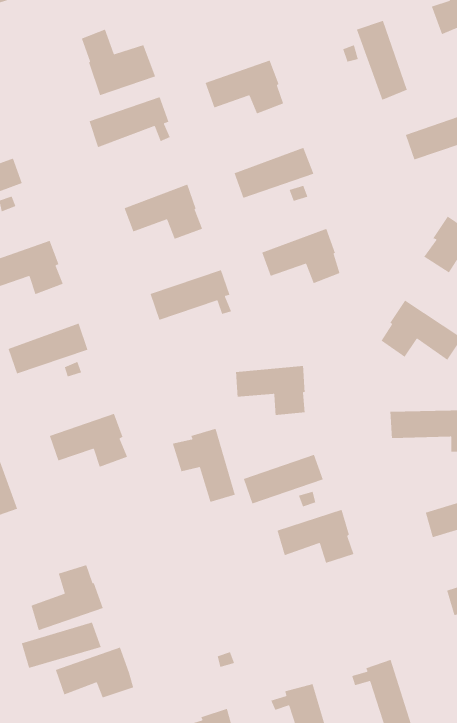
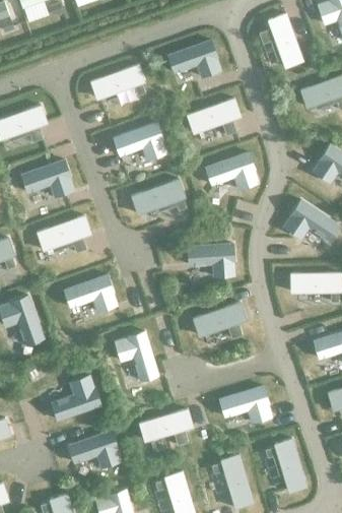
building: [81,29,156,96] -> none
building: [172,428,236,503] -> [115,331,157,381]
building: [276,509,354,564] -> [219,386,271,423]
building: [21,622,102,669] -> [139,409,193,441]

